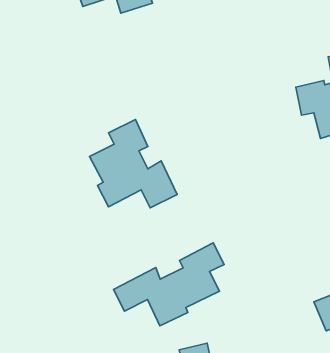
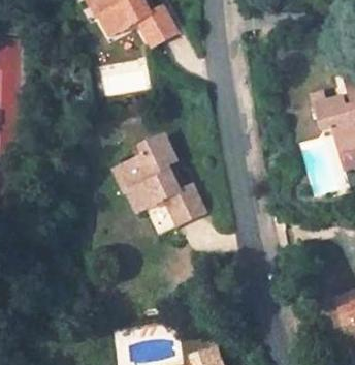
building: [114,243,224,326] -> none

